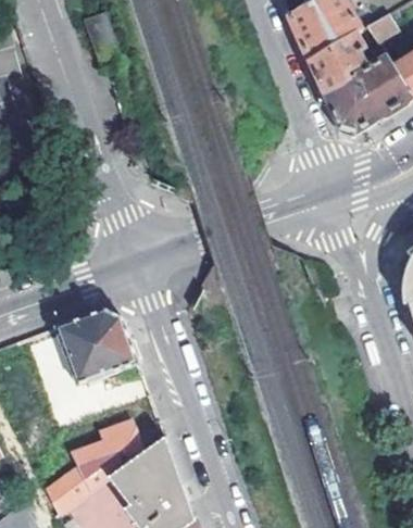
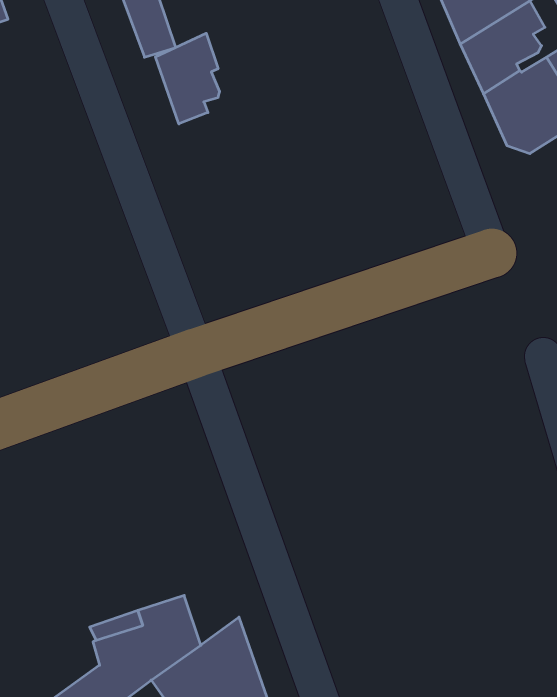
building: none -> [155,33,220,124]
building: [54,307,138,385] -> none

